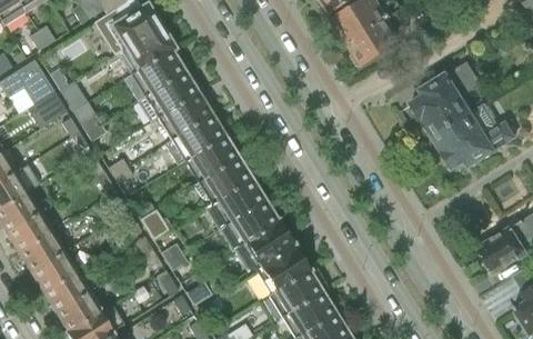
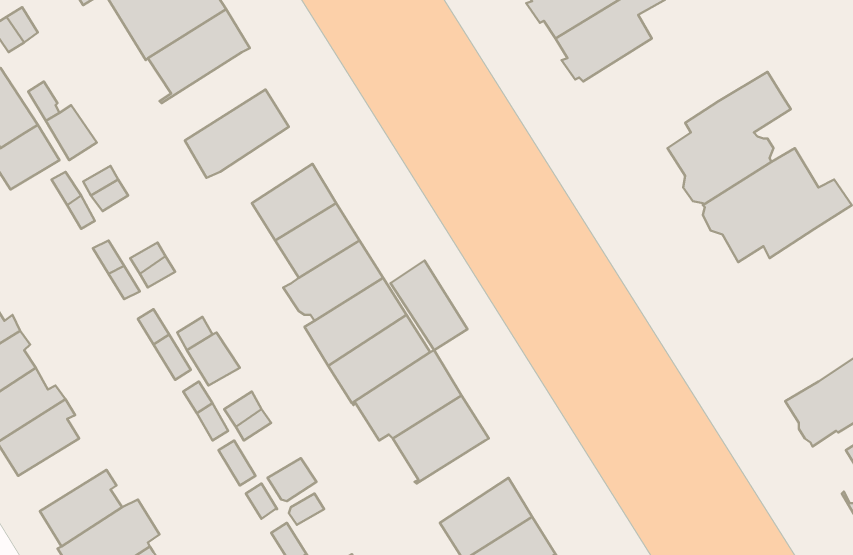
building: [125,49,184,99] -> none
building: [163,91,211,134] -> none
building: none -> [391,261,468,350]
building: [44,268,94,309] -> none
building: [270,269,322,316] -> none

